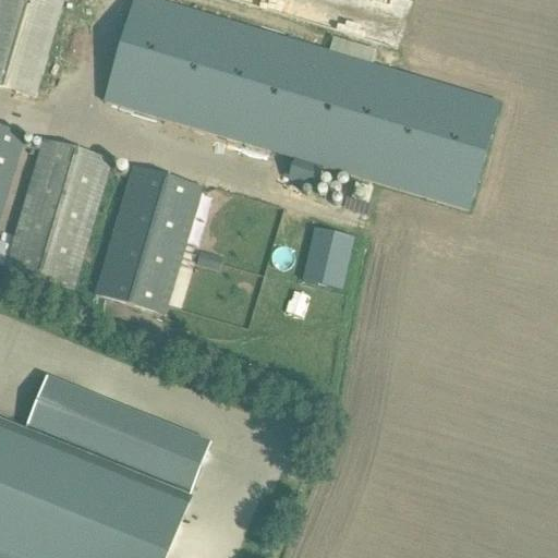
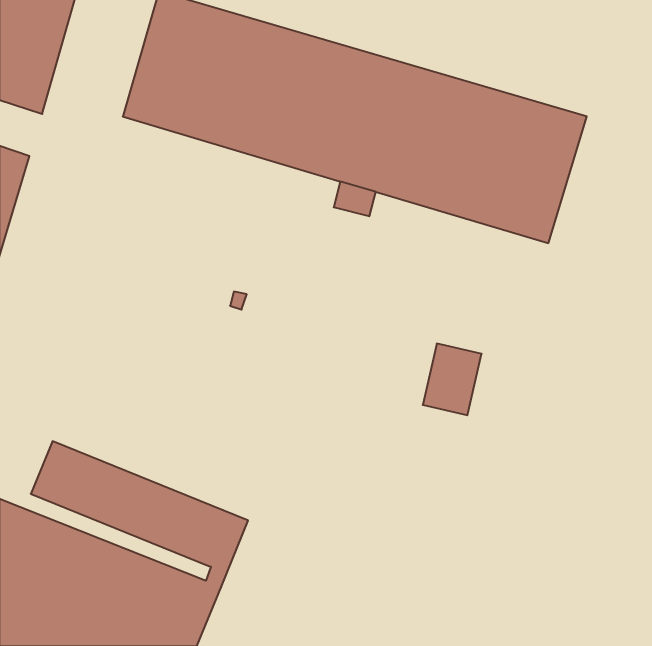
building: [4,140,111,288] -> none
building: [94,166,202,314] -> none
building: [302,225,352,286] -> [423,344,482,415]

